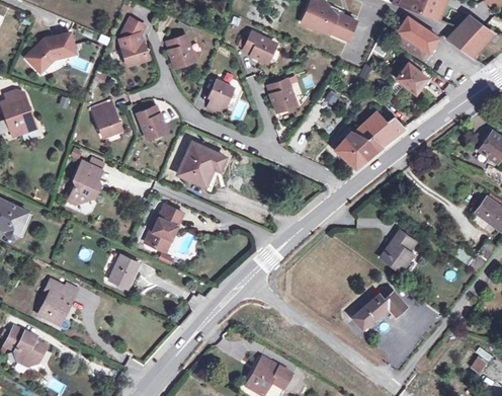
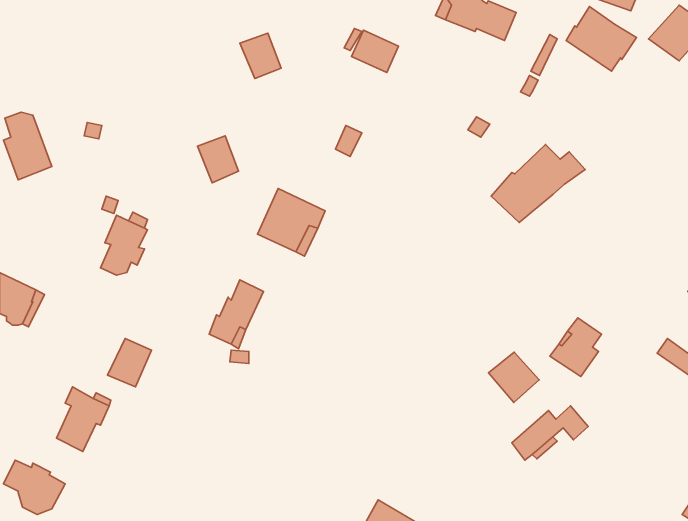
building: [120,19,148,65] -> none
building: [27,32,75,71] -> none
building: [396,59,427,93] -> none
building: [207,73,241,114] -> none
building: [267,79,296,110] -> none
building: [92,102,122,137] -> none
building: [108,254,139,288] -> [107,338,151,387]
building: none -> [489,352,539,402]

